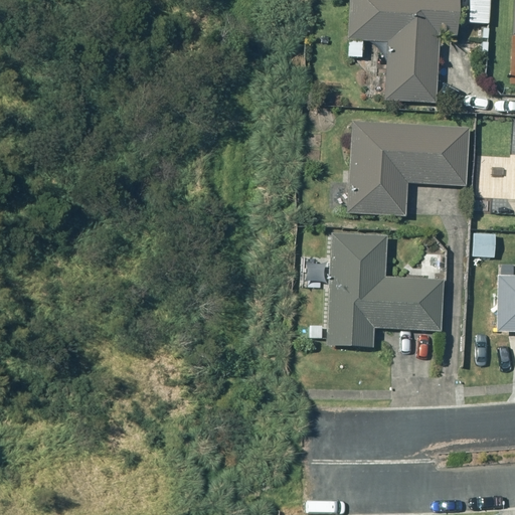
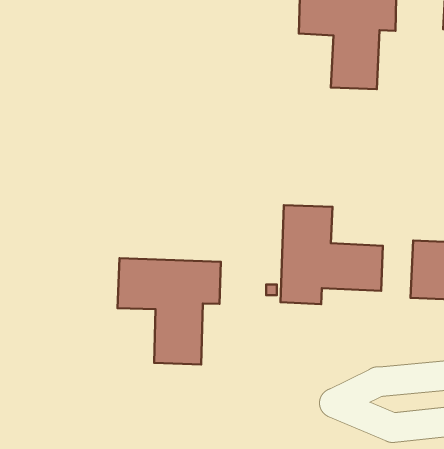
building: [347,121,470,215] -> none
building: none -> [118,258,221,364]

